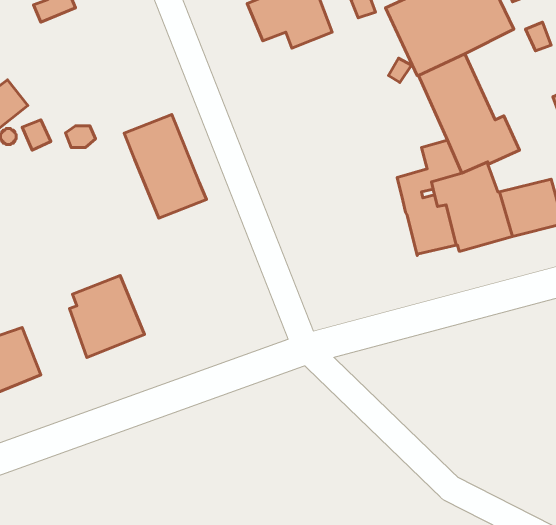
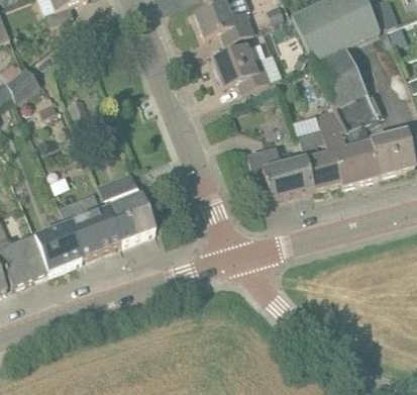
building: none -> [213,41,269,92]
building: [124,115,207,218] -> [98,171,155,243]
building: none -> [246,145,313,199]
building: none -> [36,225,82,272]

